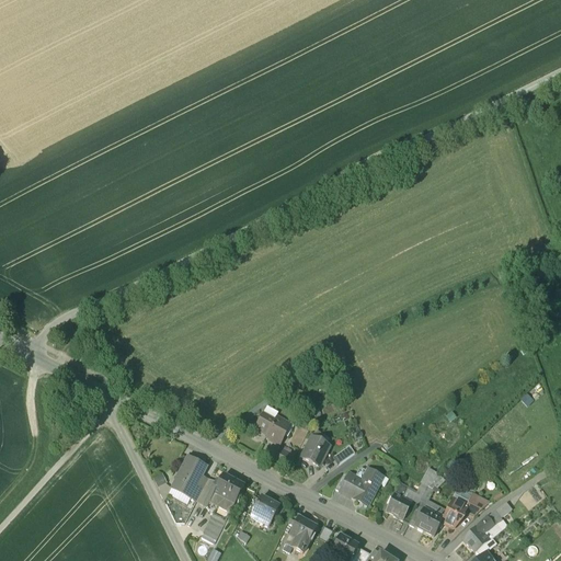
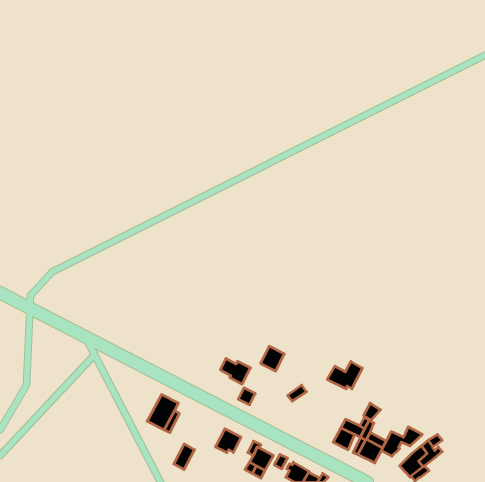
building: [300,436,328,465] -> [261,346,284,371]
building: [340,469,380,501] -> [327,361,362,389]
building: [209,473,243,502] -> none

